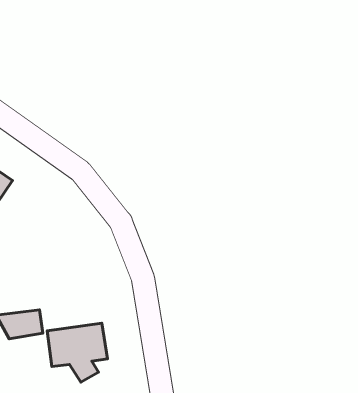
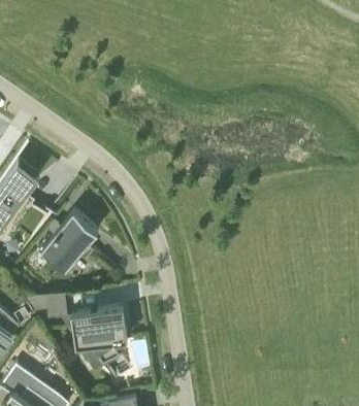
building: none -> [40,210,98,271]

